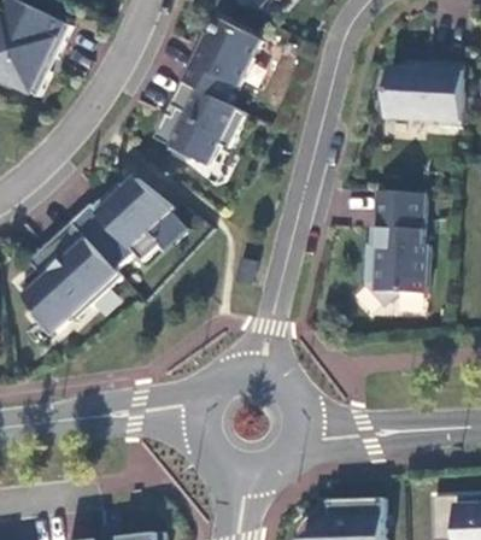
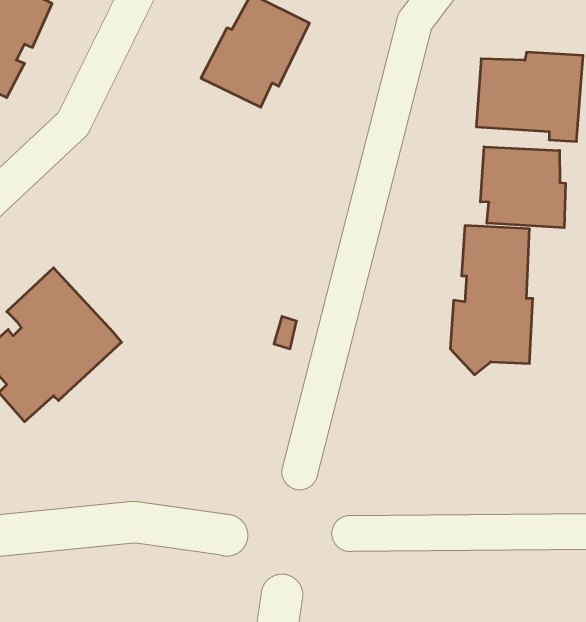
building: [153,80,246,164] -> none
building: none -> [480,147,566,228]
building: [71,177,175,269] -> none

